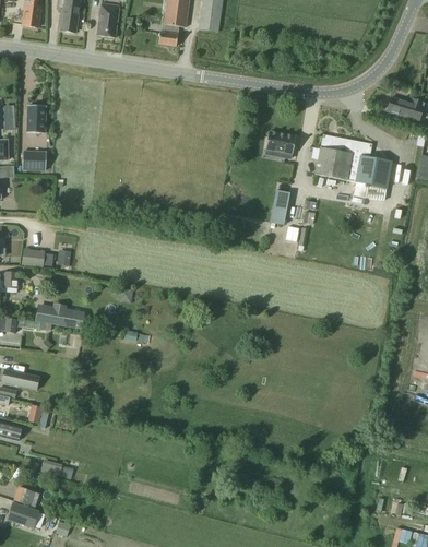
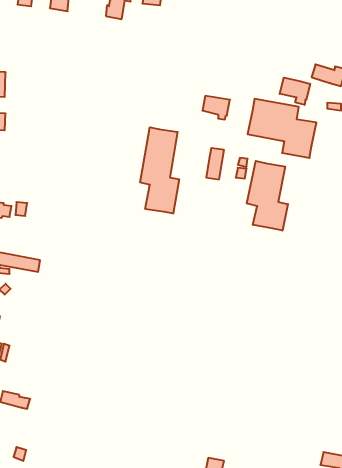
building: none -> [280,78,310,105]
building: none -> [140,127,179,214]
building: none -> [247,161,288,231]

